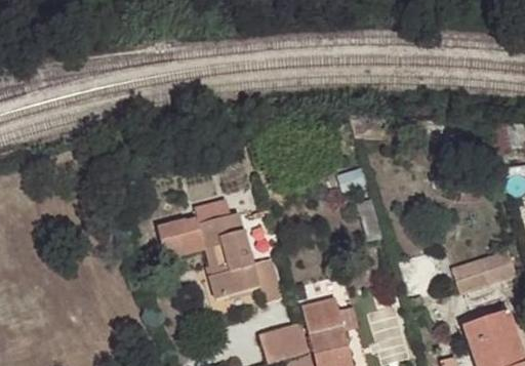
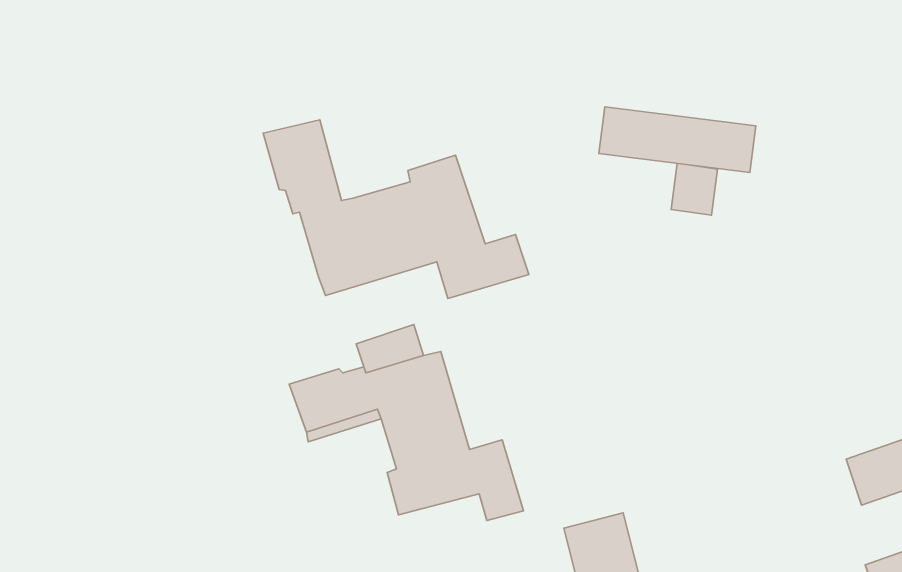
building: none -> [599,107,756,172]
building: none -> [263,120,529,299]

